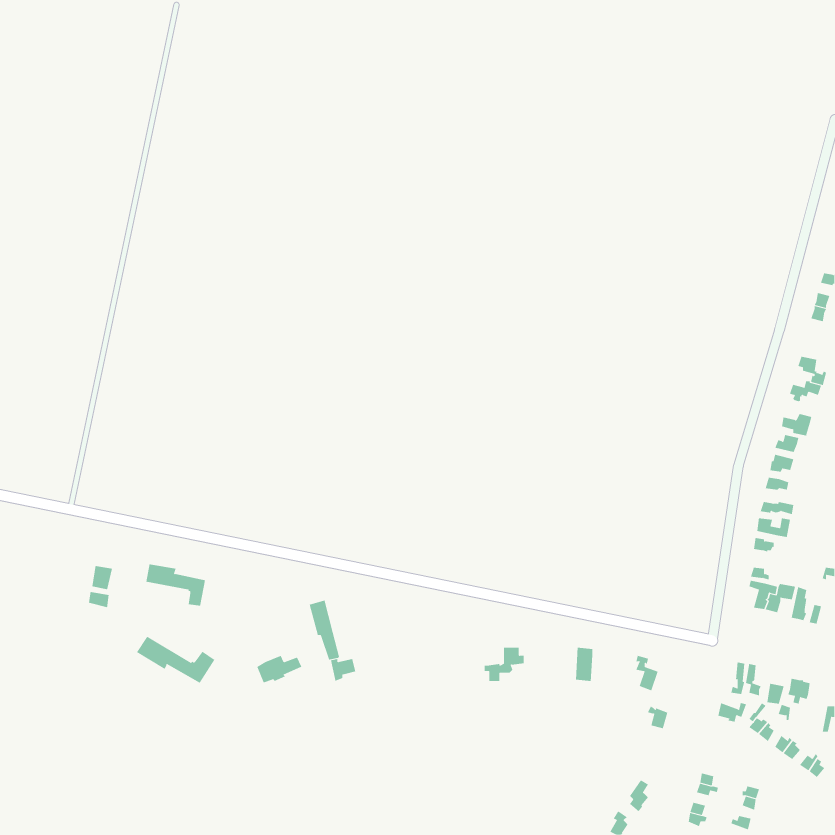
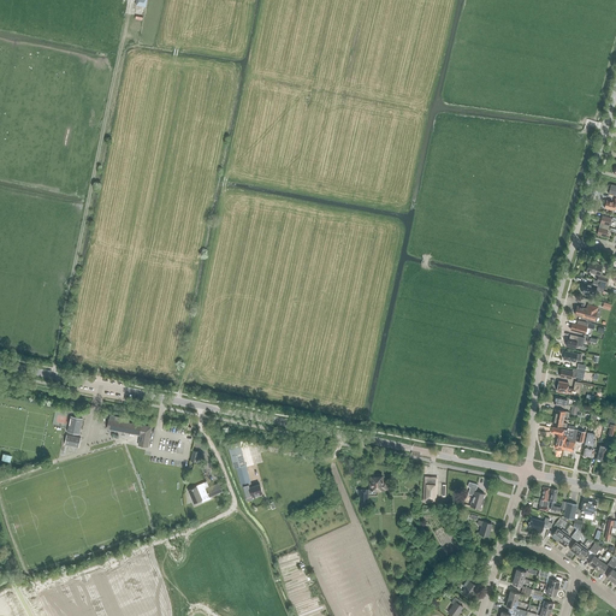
building: [136,636,215,683] -> none

